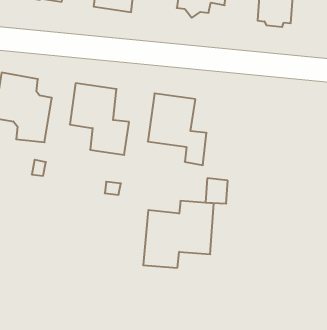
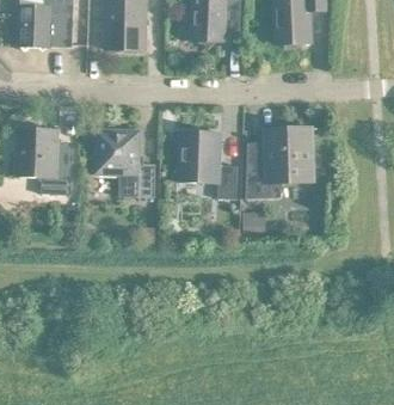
building: [143,201,214,268] -> [244,127,313,198]

